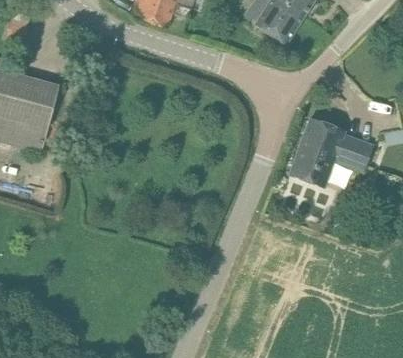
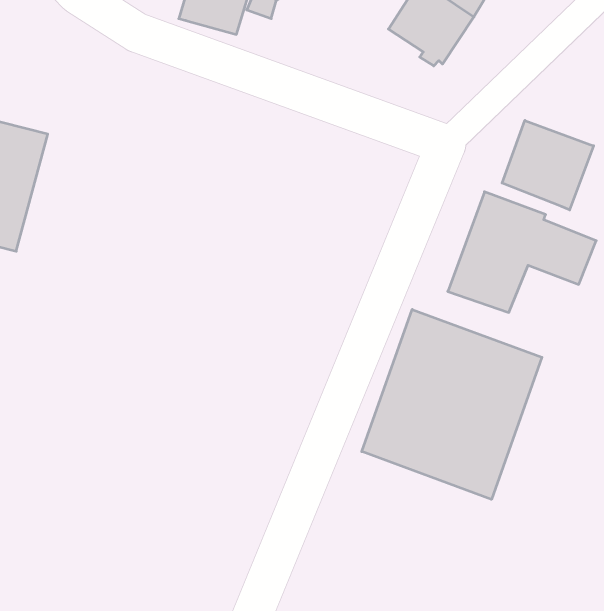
building: none -> [502,120,594,210]
building: none -> [362,309,542,499]

